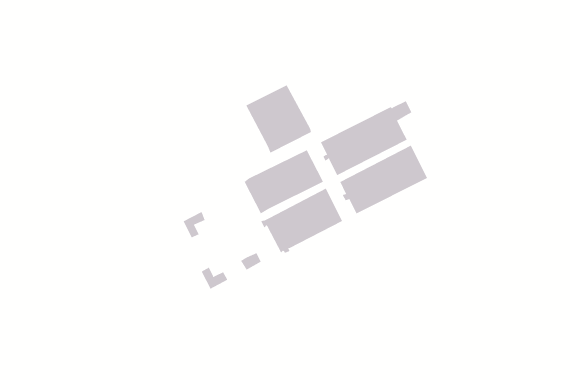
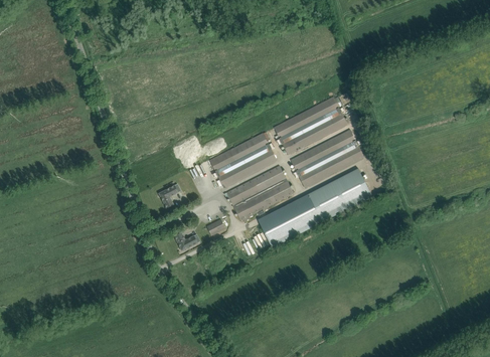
building: [246,84,311,153] -> none
building: none -> [259,166,371,245]

